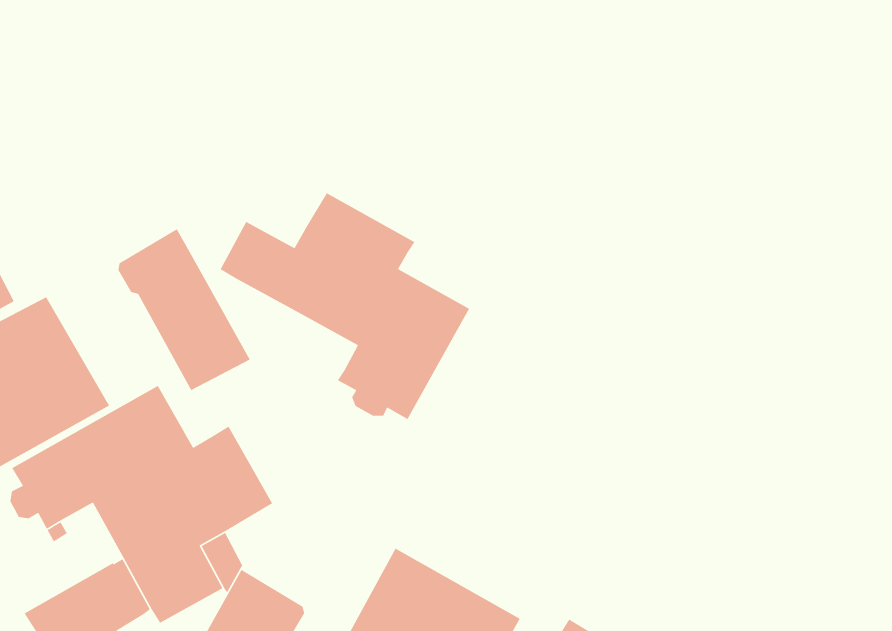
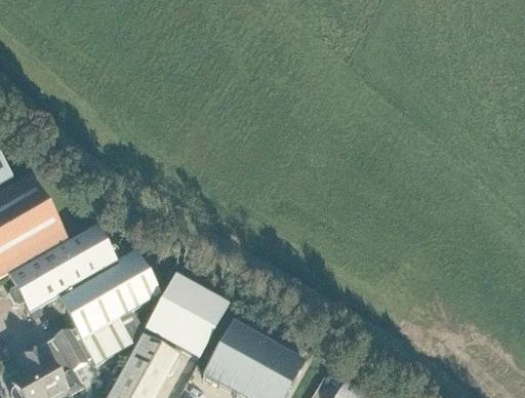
building: [219,192,470,420] -> none
building: [118,228,251,391] -> none
building: none -> [146,274,230,357]

